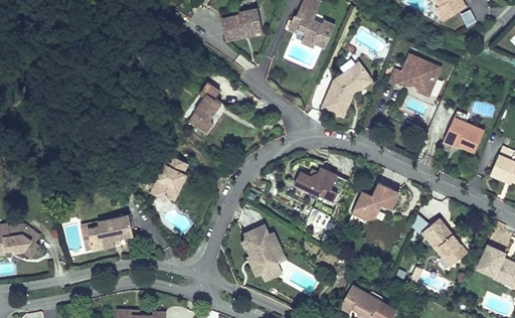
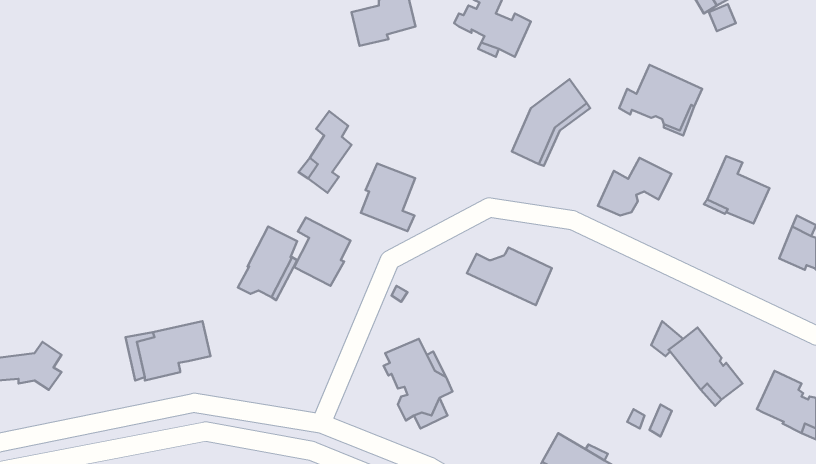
building: none -> [361,163,415,231]
building: none -> [294,218,350,286]
building: [352,182,398,218] -> [598,158,671,216]

